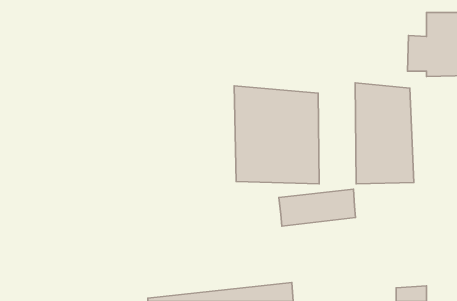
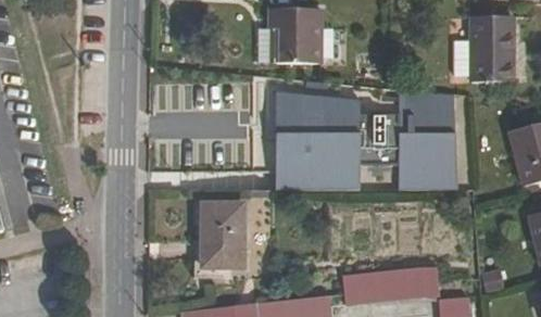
building: none -> [269,8,323,63]
building: [279,189,356,226] -> [343,267,423,305]
building: none -> [201,201,244,268]

